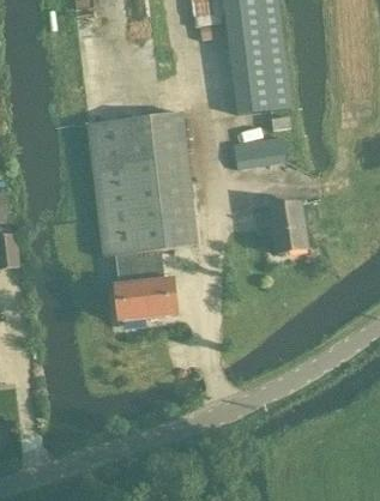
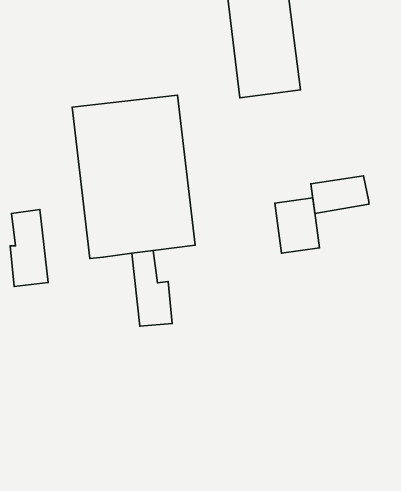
building: [233,137,284,170] -> [311,176,369,214]
building: [114,252,147,320] -> [10,209,48,286]

